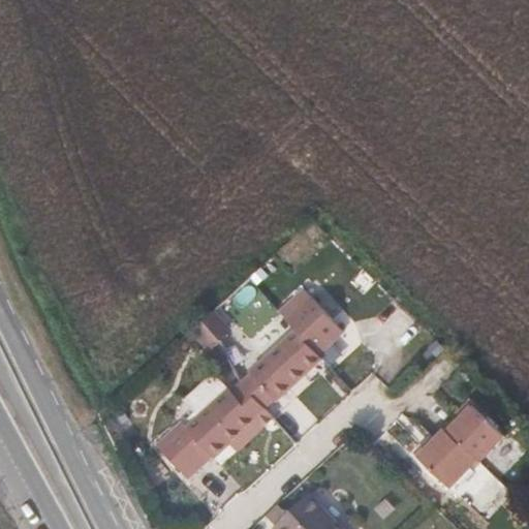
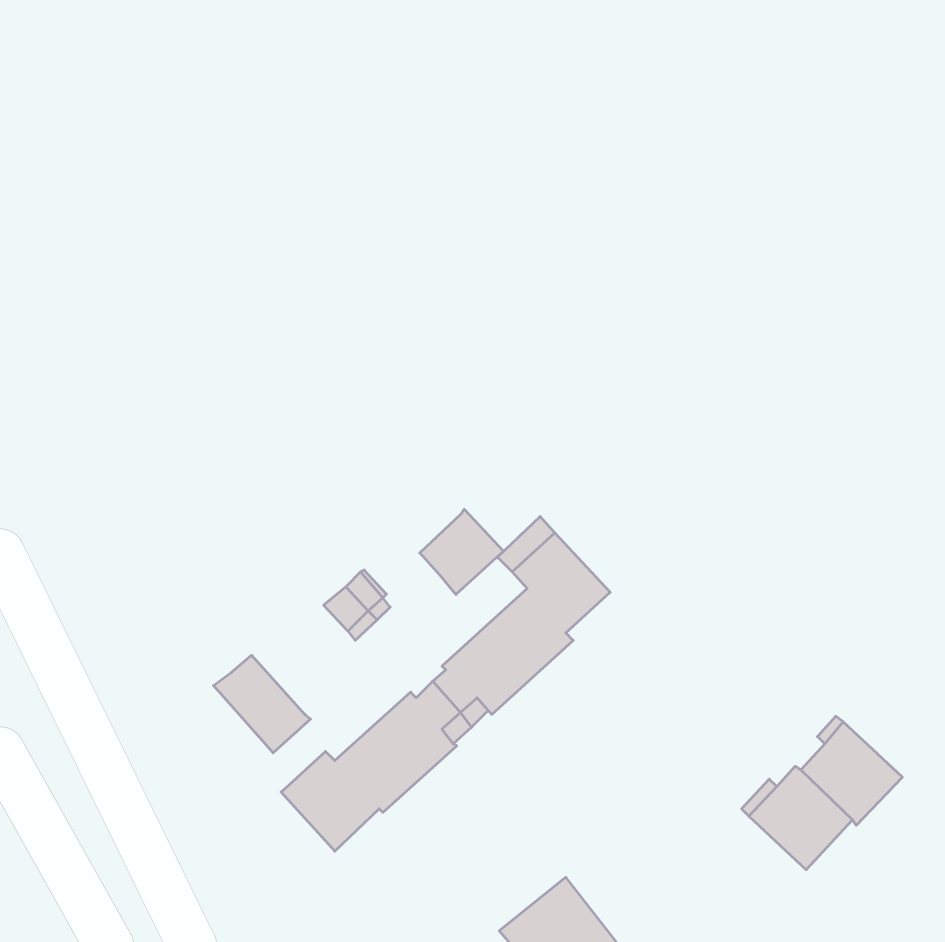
building: none -> [420,509,504,595]
building: none -> [213,655,311,753]

